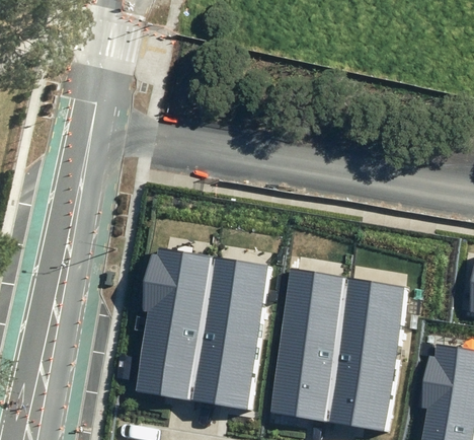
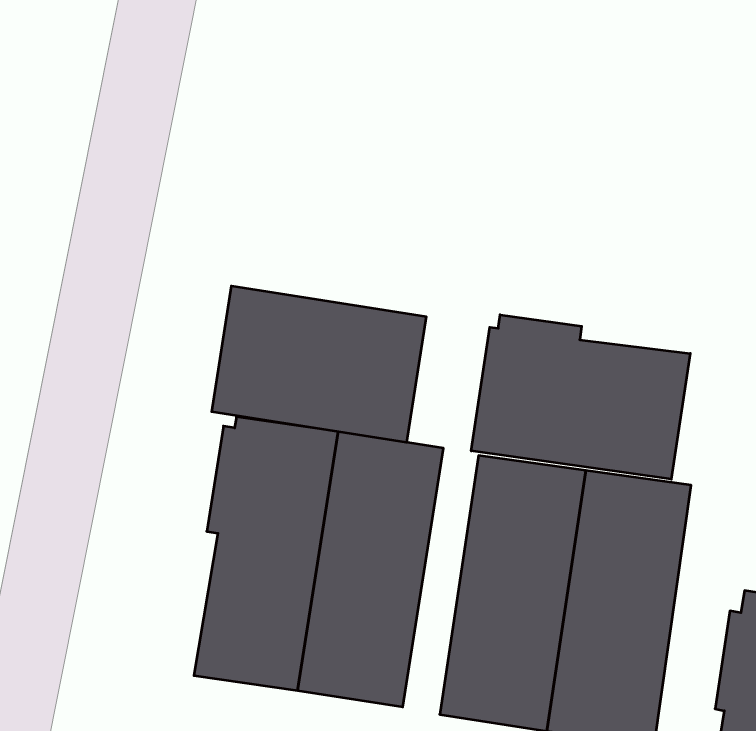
building: none -> [212,286,426,442]
building: none -> [471,315,690,479]

